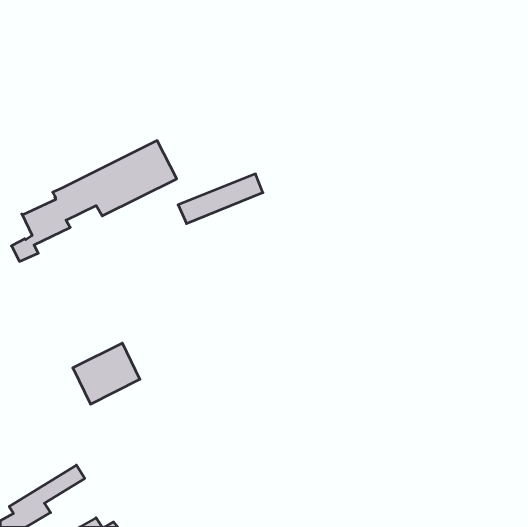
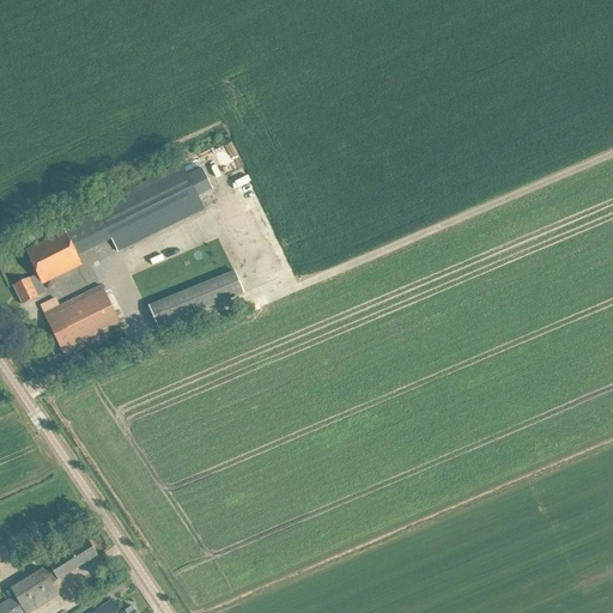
building: [178,174,263,224] -> [147,272,245,329]
building: [73,343,140,404] -> [44,285,122,356]

